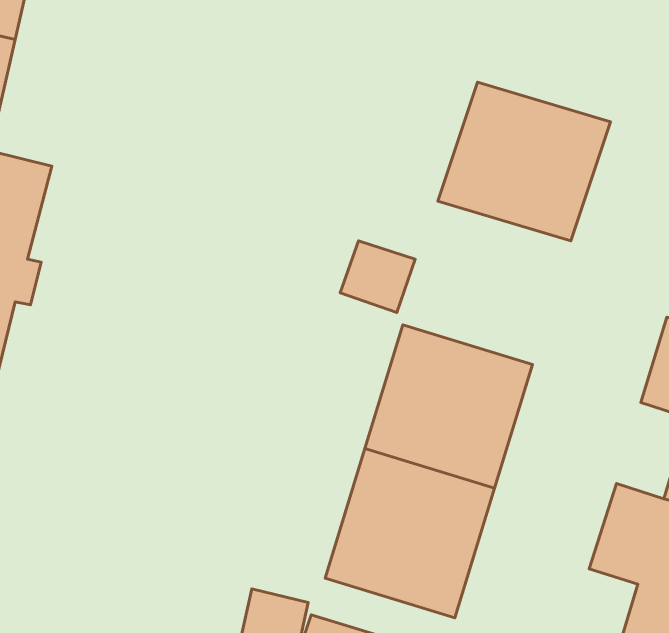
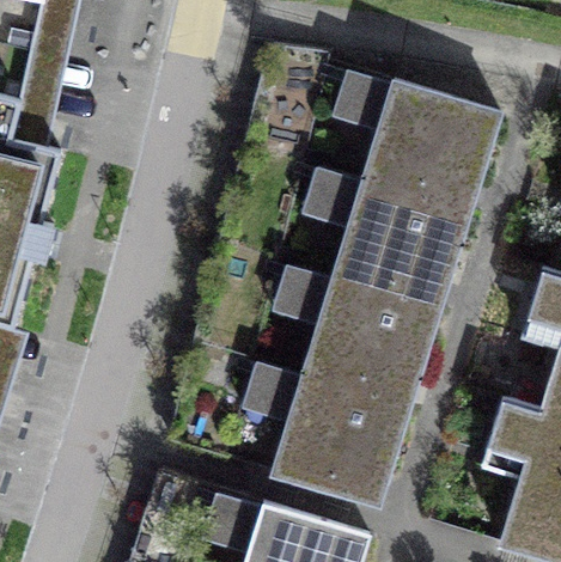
building: none -> [336,177,468,305]

